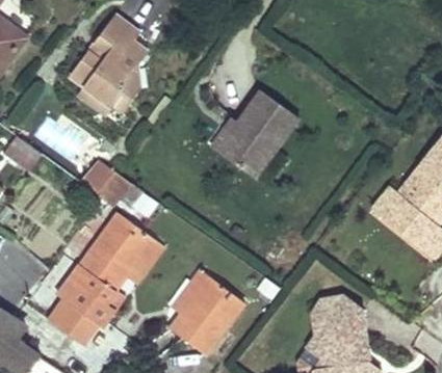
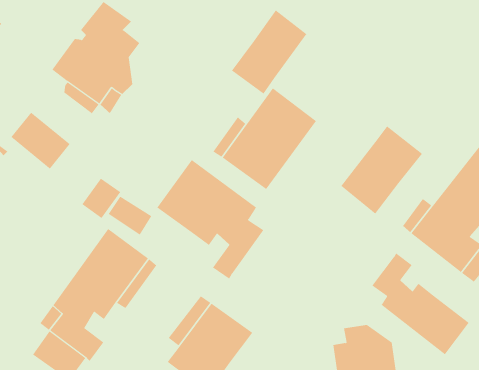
building: none -> [231,10,307,94]
building: none -> [340,126,423,215]
building: none -> [157,159,264,280]
building: none -> [372,252,469,355]

